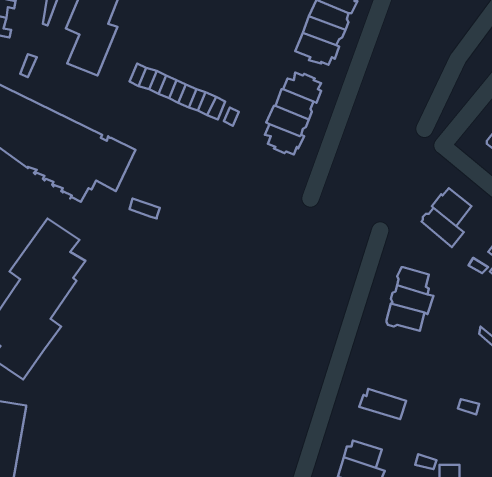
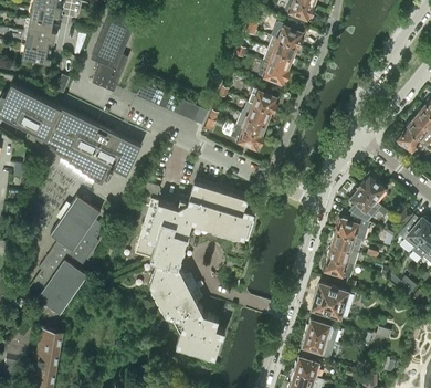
building: none -> [134,182,254,358]
building: none -> [336,213,369,241]
building: none -> [312,284,348,318]
building: none -> [302,334,334,359]

